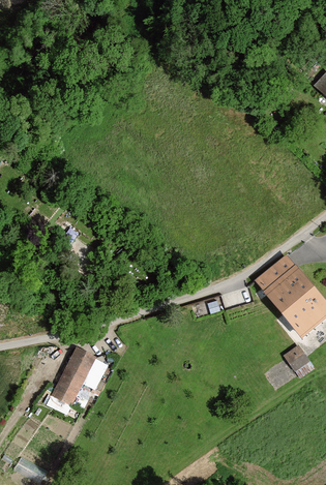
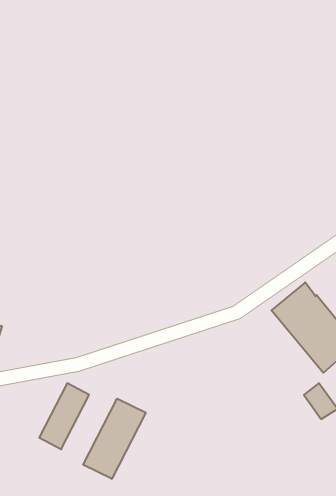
building: none -> [83,399,146,479]

